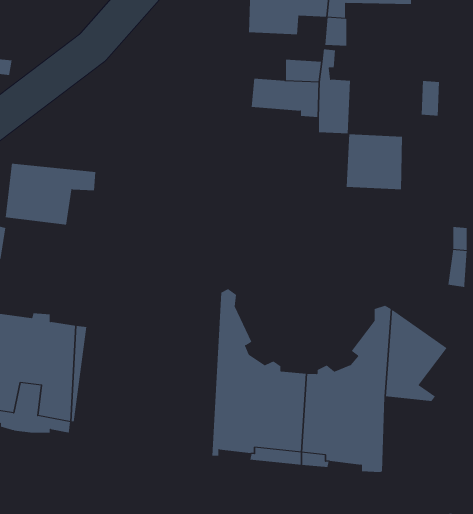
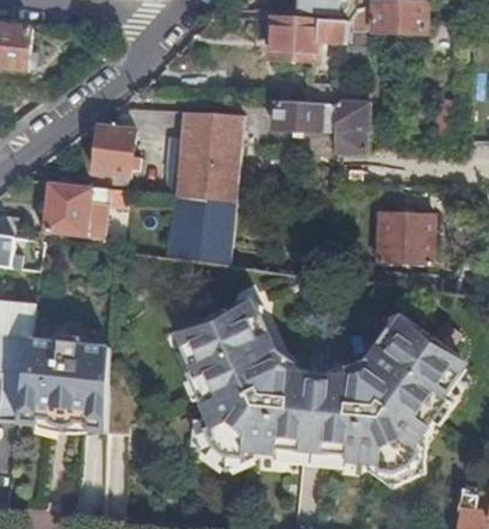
building: none -> [163,110,243,265]
building: none -> [93,123,143,177]
building: [346,134,403,190] -> [378,211,432,264]
building: none -> [187,301,244,455]
building: none -> [397,399,444,469]

